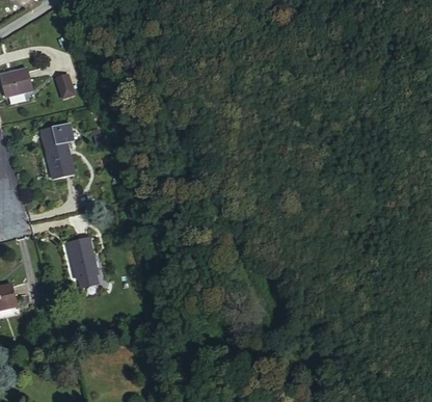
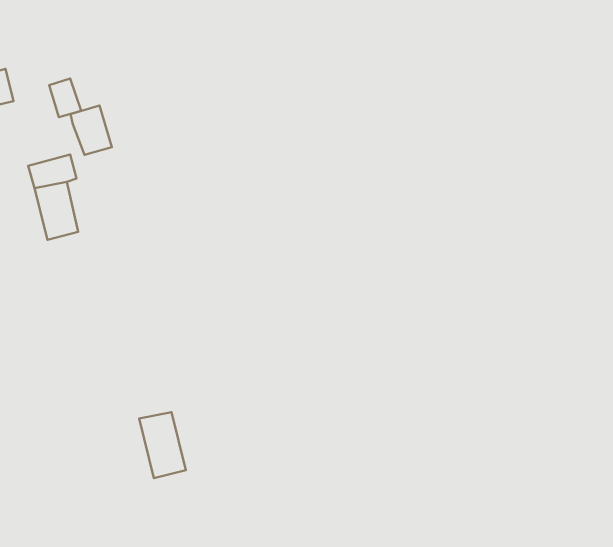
building: none -> [70,105,112,155]
building: [68,238,98,280] -> [139,412,186,478]

